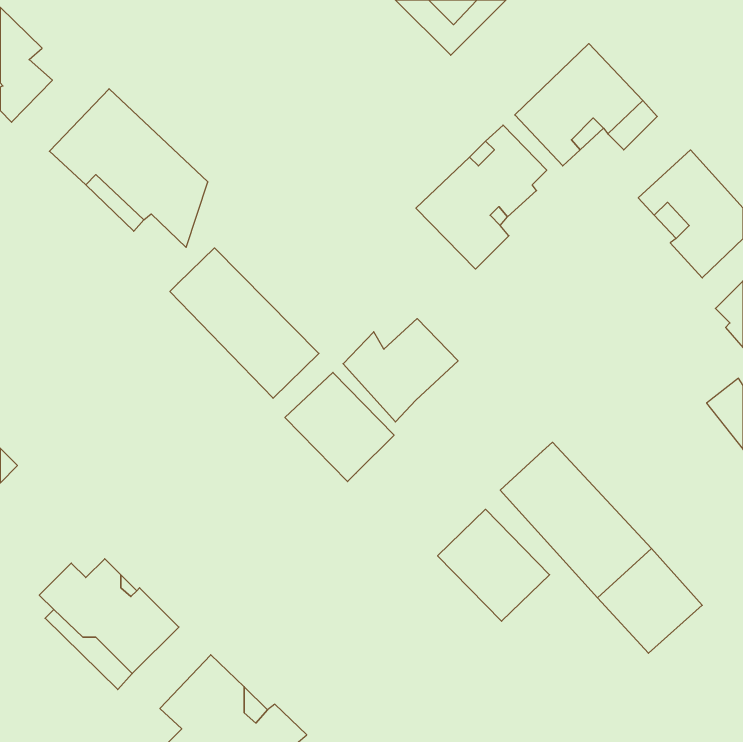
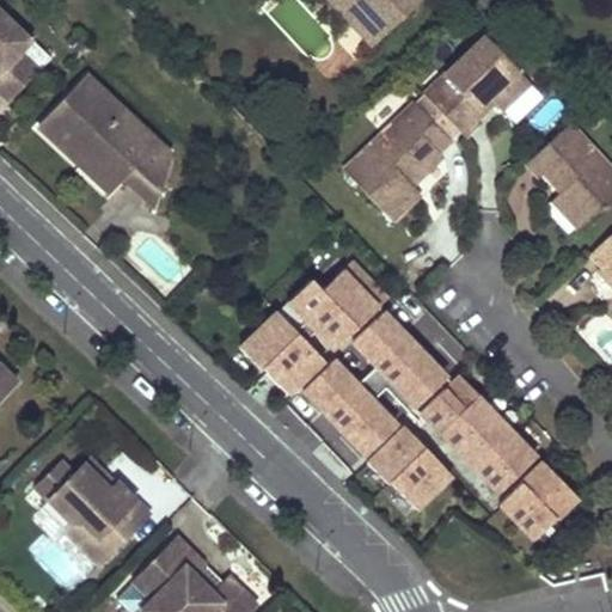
building: [170,248,319,398] -> none
building: none -> [342,298,446,404]
building: none -> [293,351,399,458]

